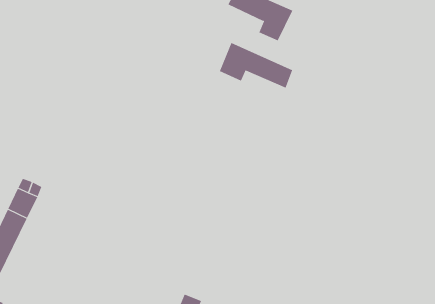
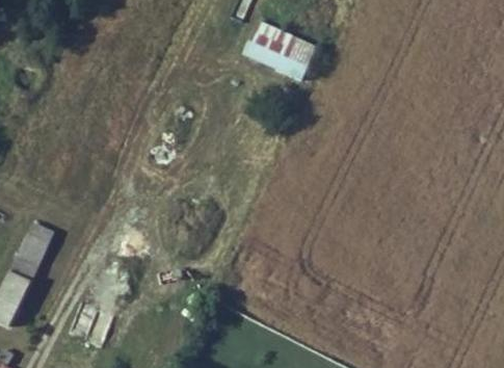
building: [219,42,293,89] -> none

